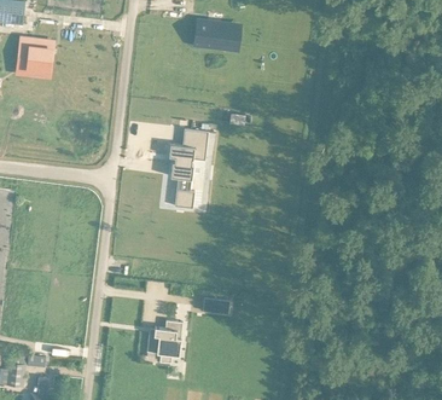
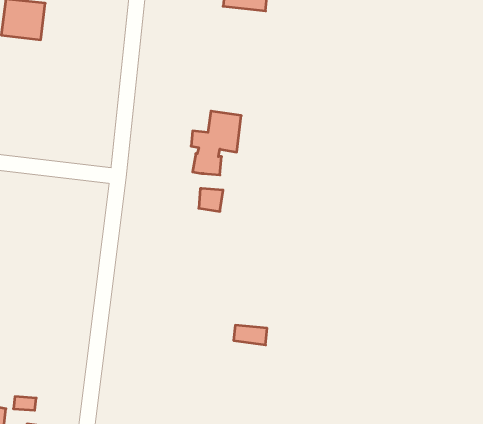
building: [145,320,181,363] -> none

